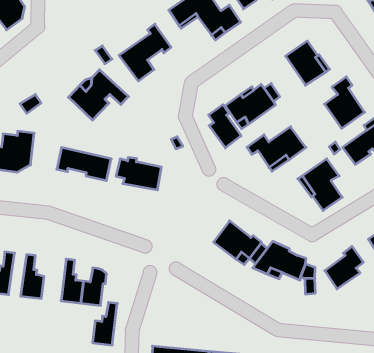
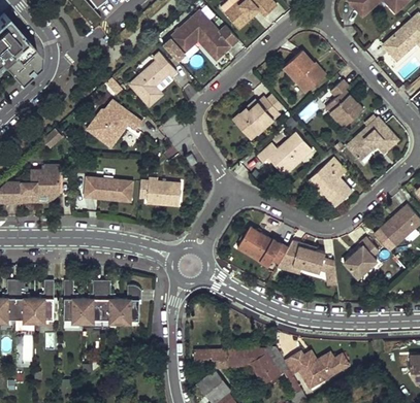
building: [209,105,241,148] -> none
building: [93,302,117,345] -> [83,280,101,320]

